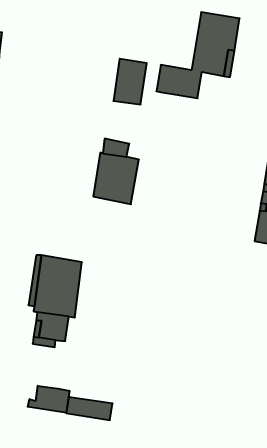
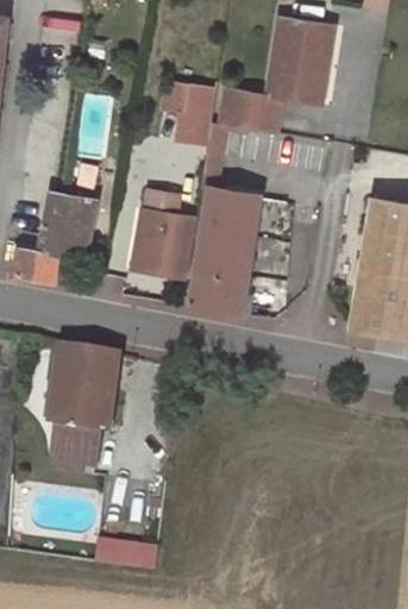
building: none -> [190,121,258,313]
building: none -> [15,192,96,283]
building: [28,386,69,413] -> none

